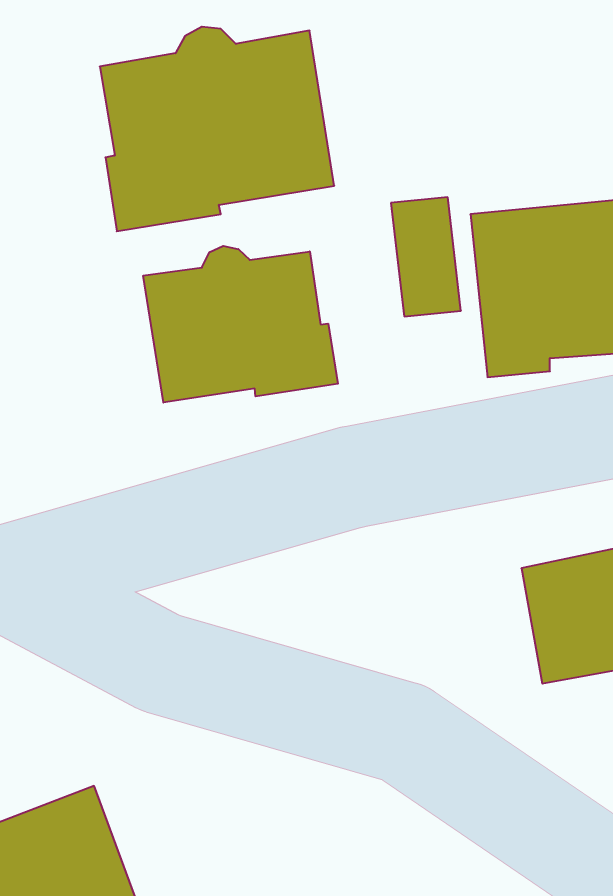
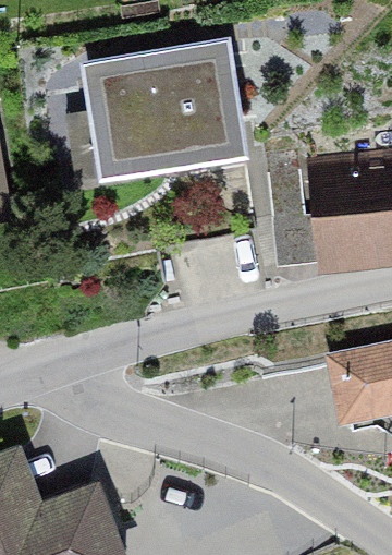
building: [143,246,338,403] -> none

